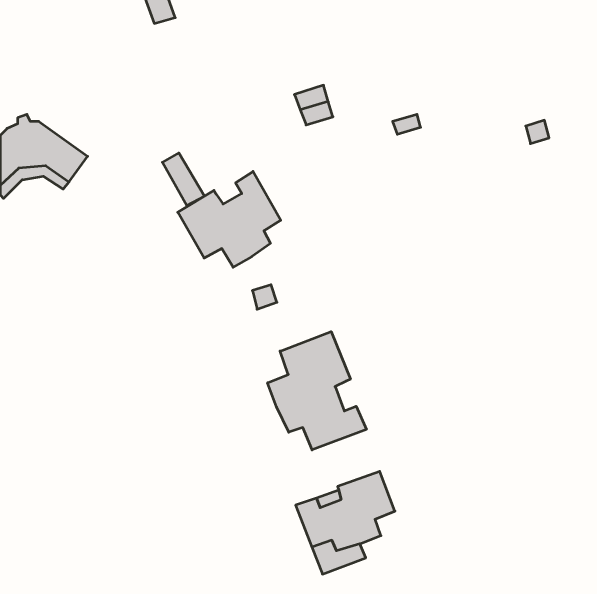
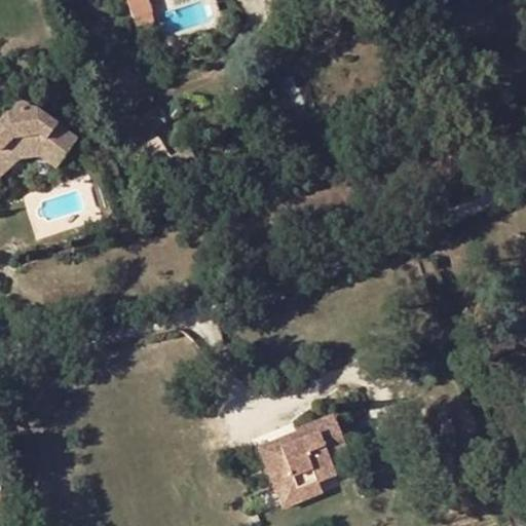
building: [178,171,281,267] -> none
building: [268,332,366,450] -> none

